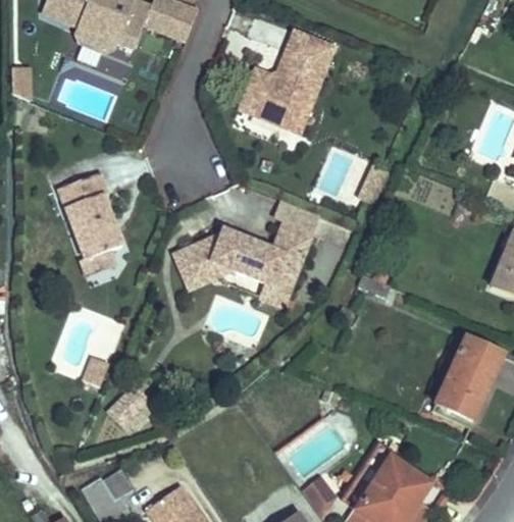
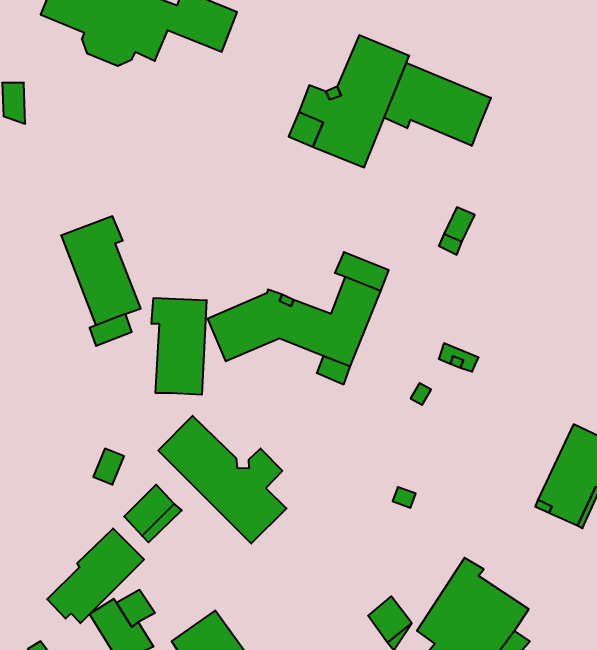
building: none -> [384,63,491,146]
building: none -> [152,298,207,395]
building: none -> [158,416,287,544]
building: none -> [47,528,144,623]

